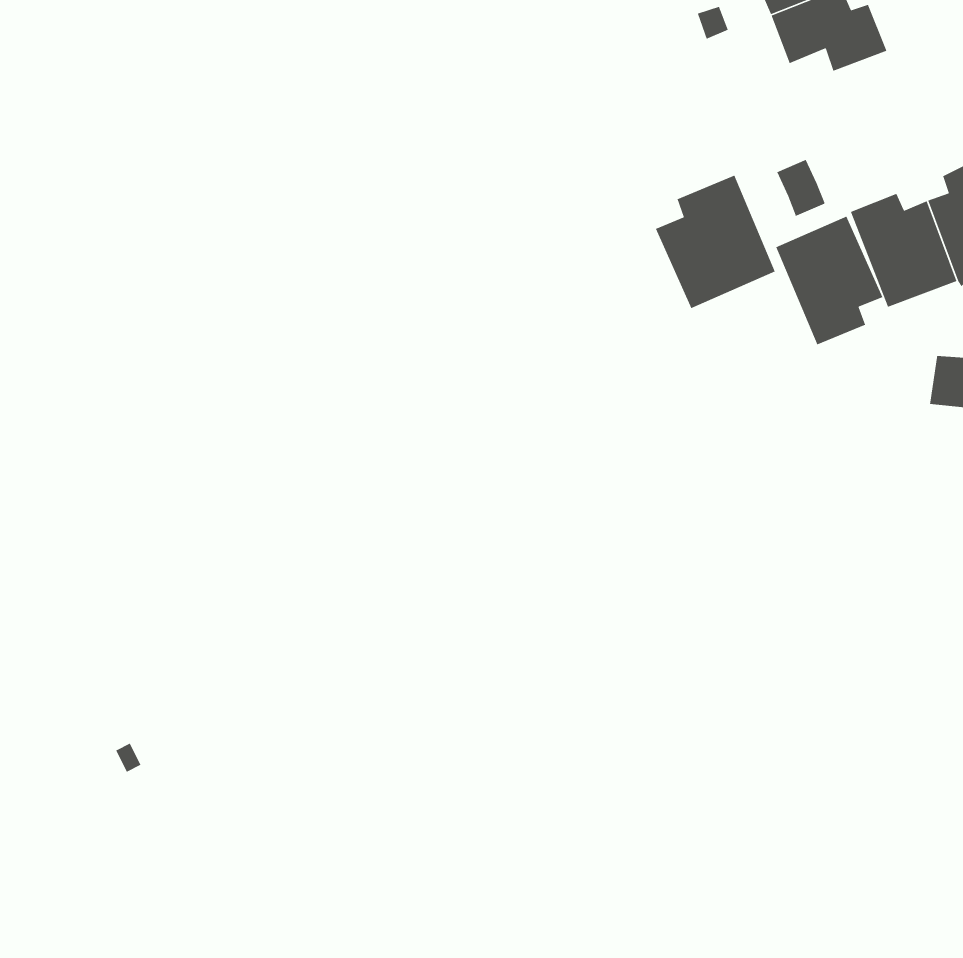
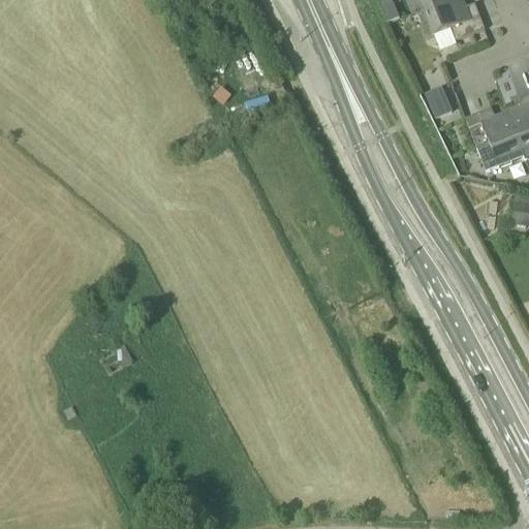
building: [655,175,776,309] -> none
building: [775,215,883,346] -> none

